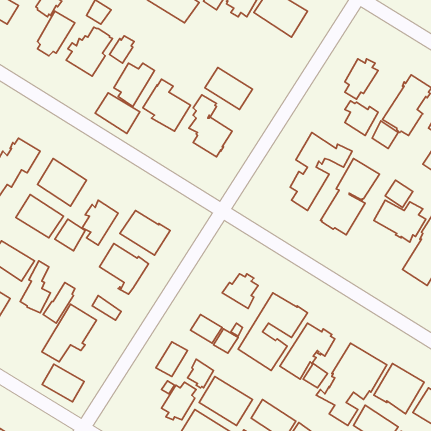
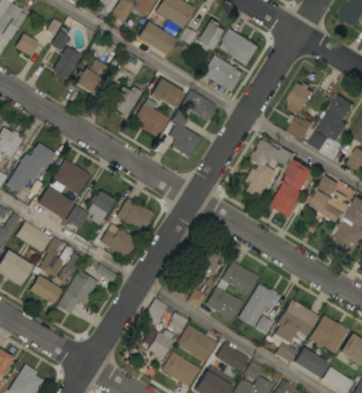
building: none -> [201,55,242,92]
building: [95,93,140,133] -> [151,78,185,109]
building: [42,364,84,402] -> [30,275,62,304]

